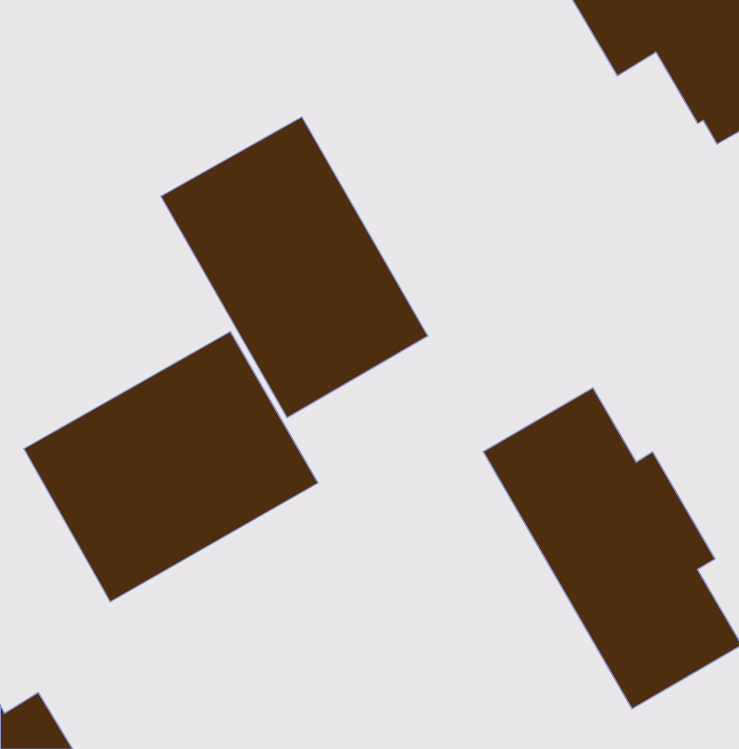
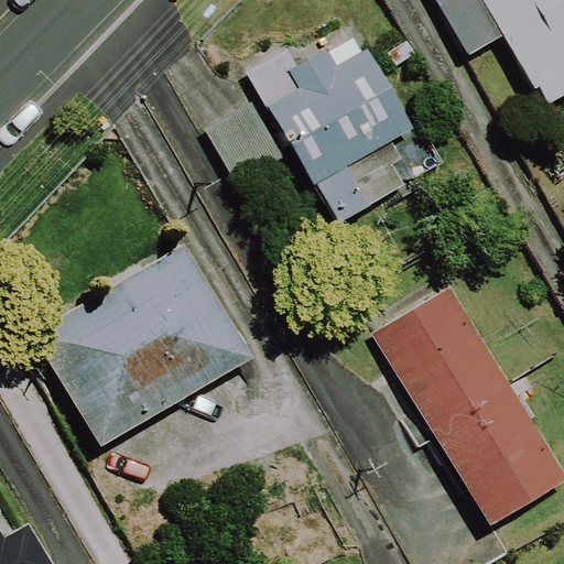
building: none -> [252,34,453,226]
building: [161,117,428,418] -> none

